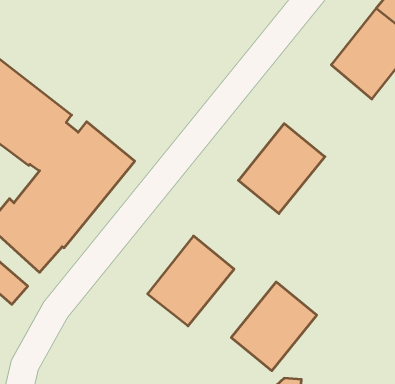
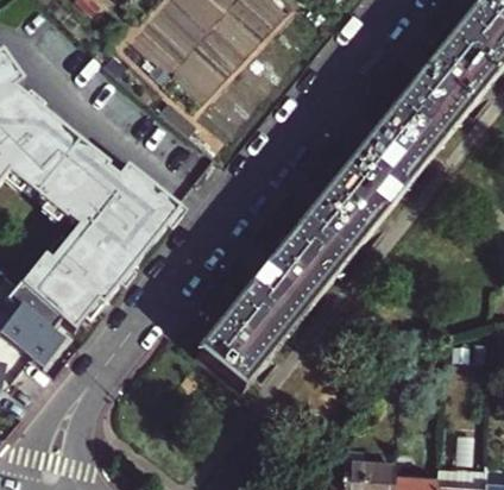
building: none -> [347,101,445,203]
building: [231,282,317,371] -> [246,230,341,328]

